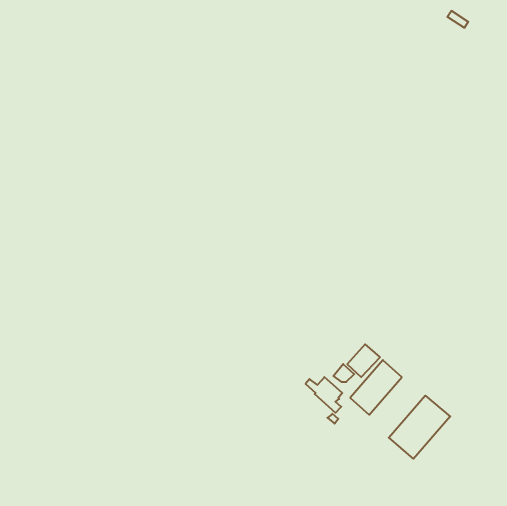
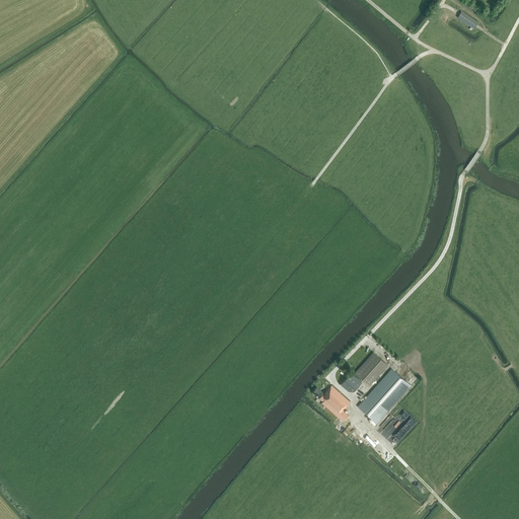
building: [389,396,450,459] -> none

